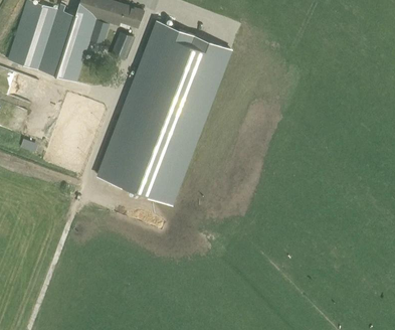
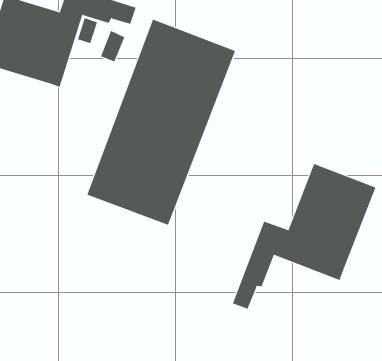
building: none -> [232,163,376,310]

